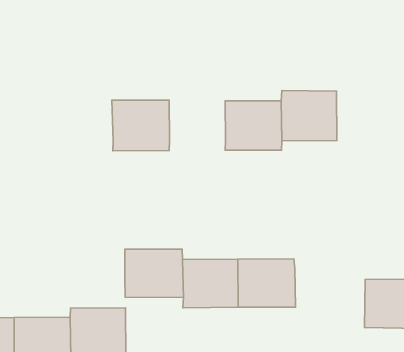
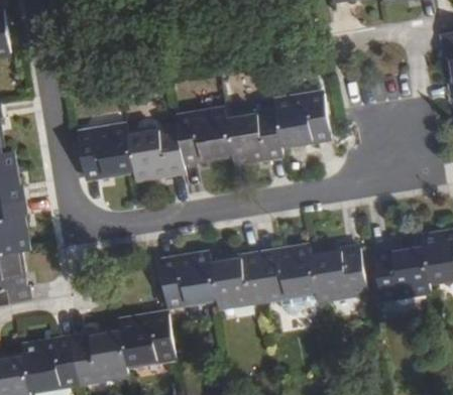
building: none -> [78,126,134,176]
building: none -> [177,110,233,161]
building: none -> [312,248,367,300]

